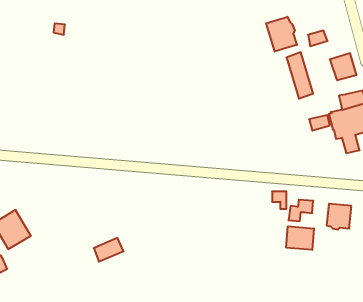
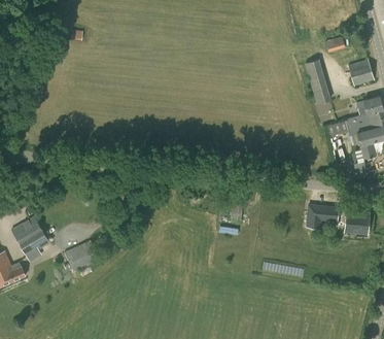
building: [266,17,297,52] -> none
building: [286,226,314,250] -> none
building: [94,238,124,262] -> [67,241,97,265]

